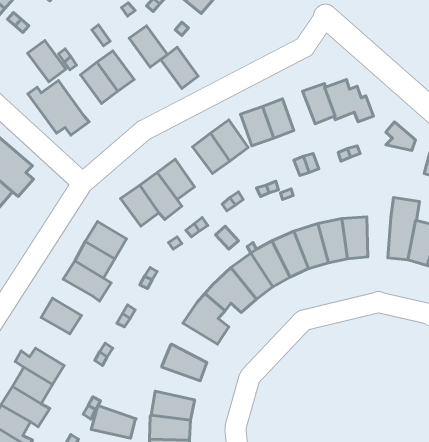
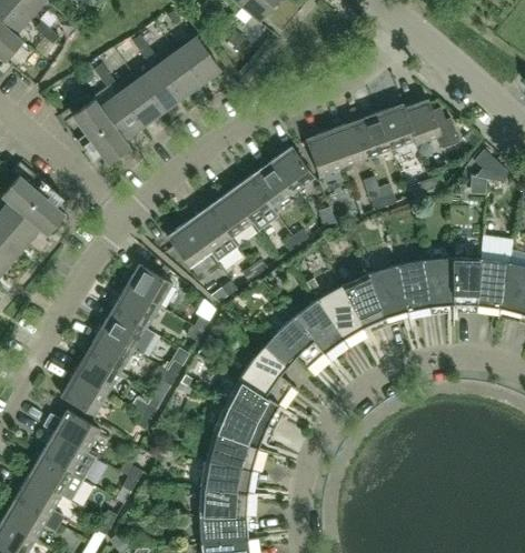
building: [28,41,66,82] -> [99,93,143,141]
building: [161,47,198,89] -> [157,51,200,99]
building: none -> [354,112,392,158]
building: none -> [229,177,278,231]
building: none -> [452,258,479,305]
building: none -> [87,330,133,372]
building: none -> [60,374,107,416]
building: none -> [225,381,278,426]
building: [91,406,136,438] -> [206,432,258,470]

